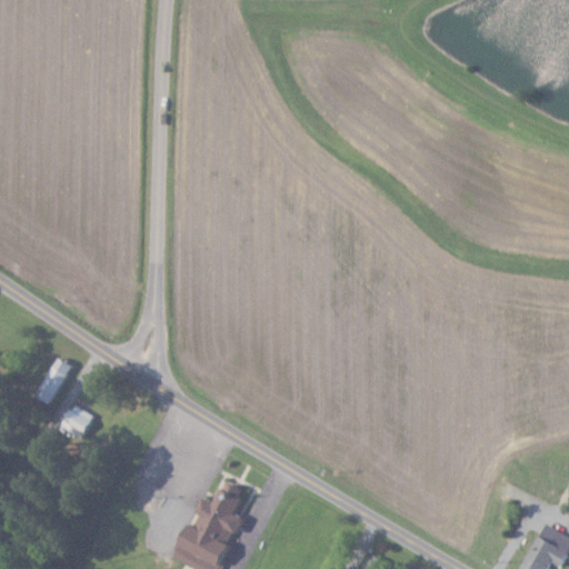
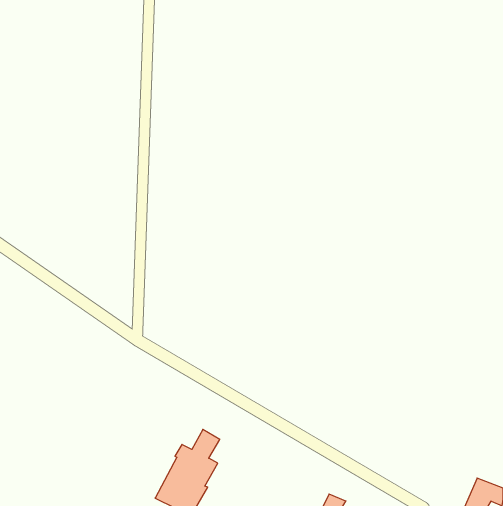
building: [34,358,72,405] -> none
building: [60,406,93,439] -> none

